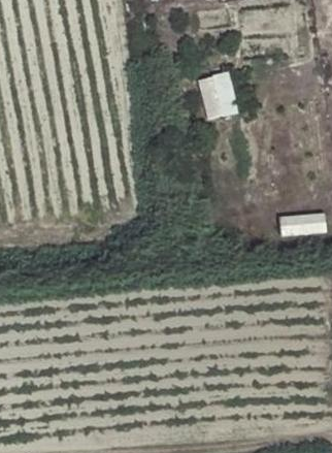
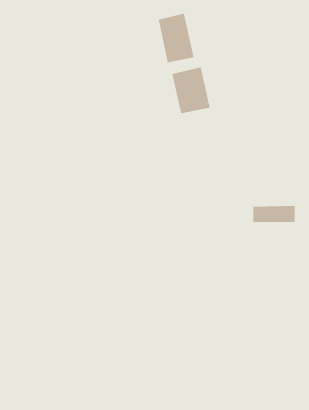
building: none -> [158,13,194,63]

